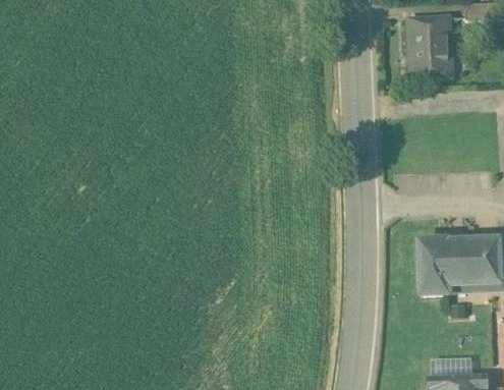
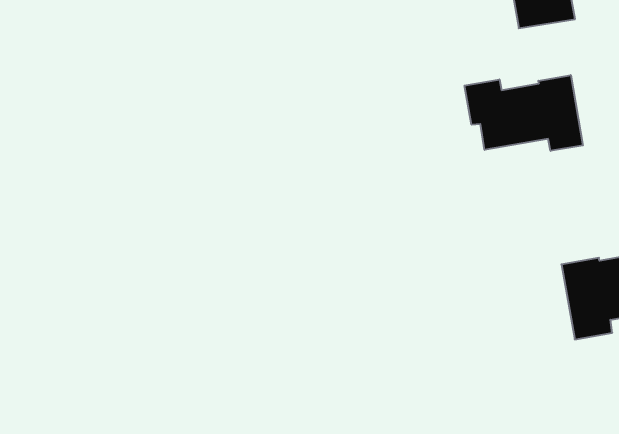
building: none -> [465,75,583,151]

